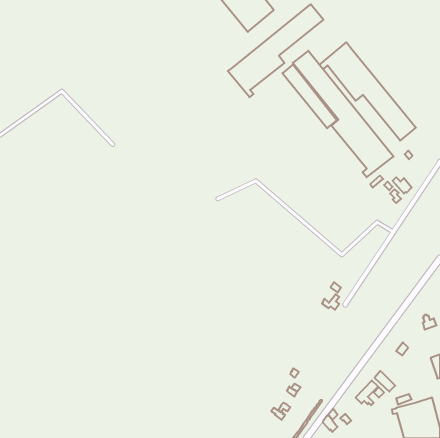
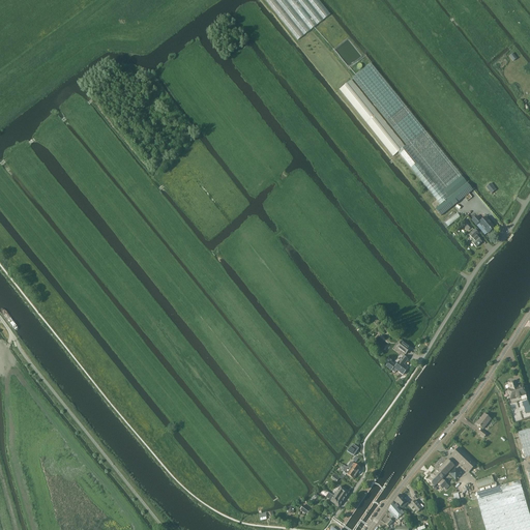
building: [228,4,323,97] -> none
building: [320,42,416,141] -> none

